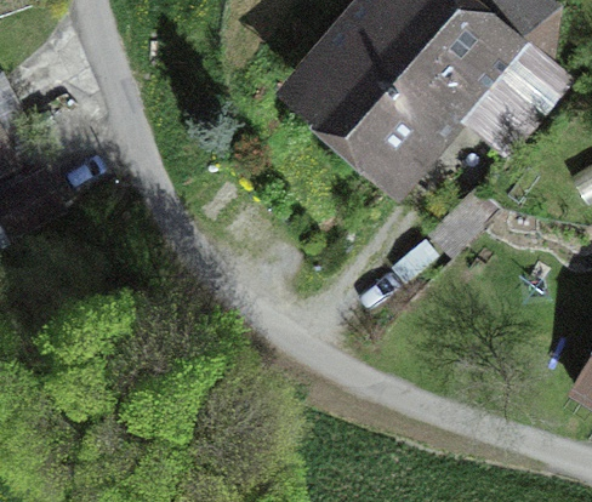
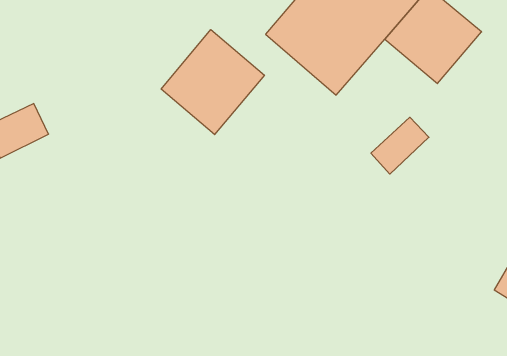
building: none -> [161,30,264,135]

